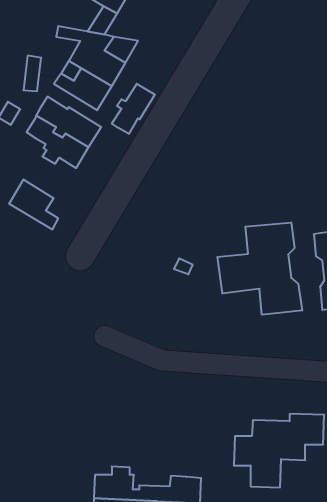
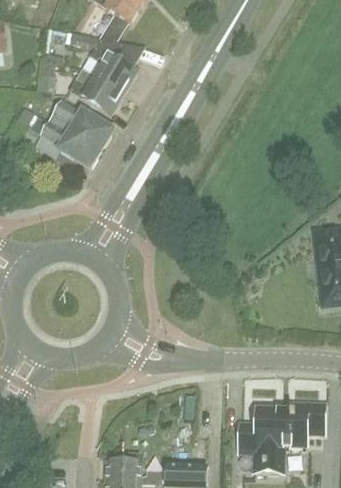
building: [112,84,155,134] -> none
building: [9,179,58,230] -> none
building: [217,222,302,315] -> none

